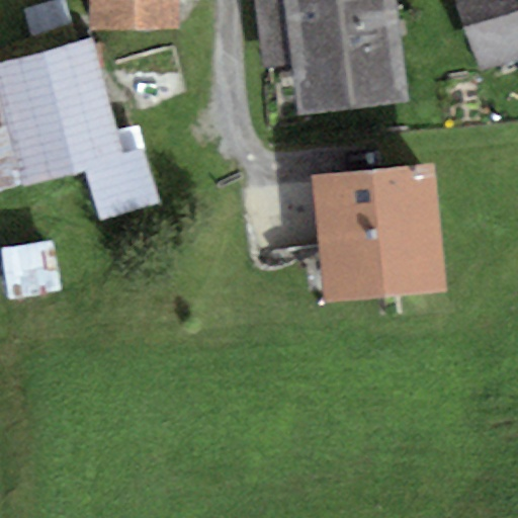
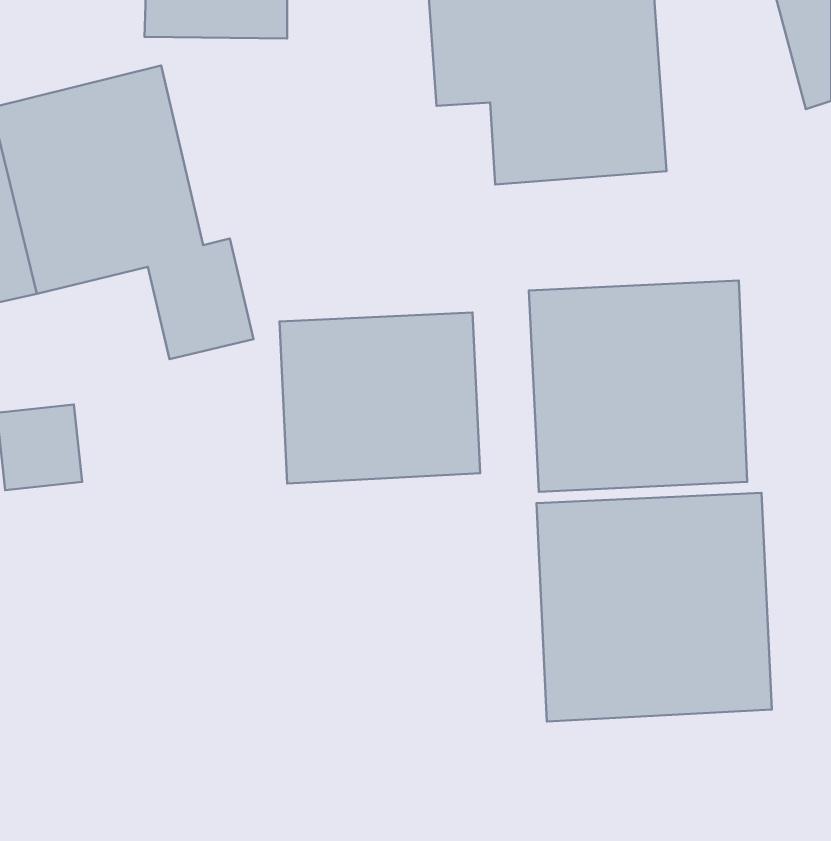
building: none -> [280,312,480,484]
building: none -> [536,493,772,722]

